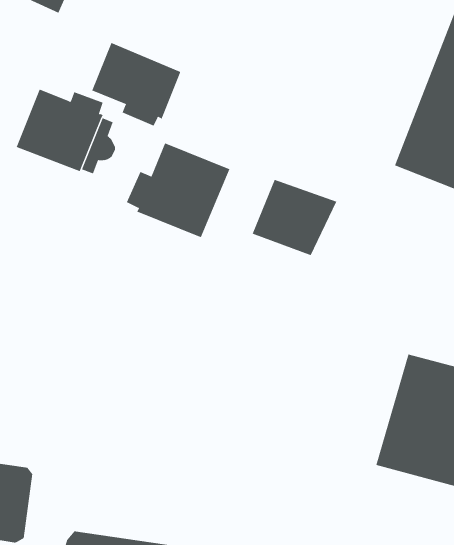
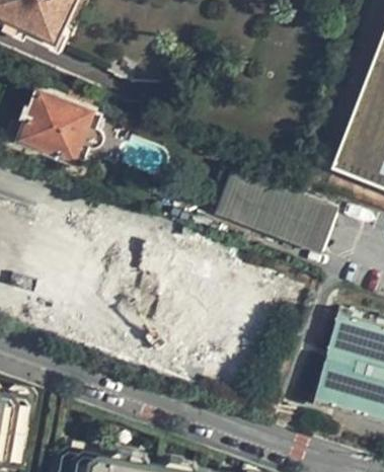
building: [91,42,181,126] -> none
building: [126,142,230,238] -> none
building: none -> [262,187,337,253]

